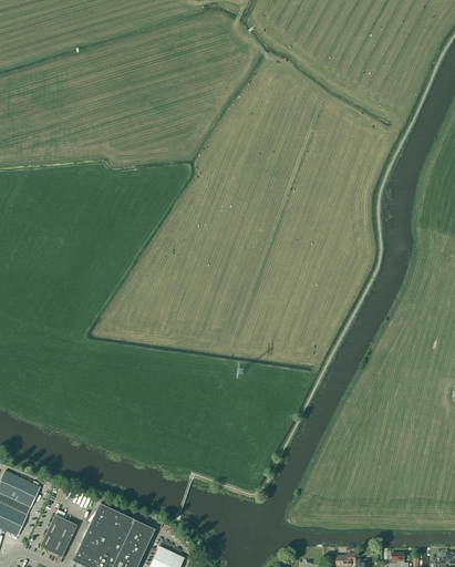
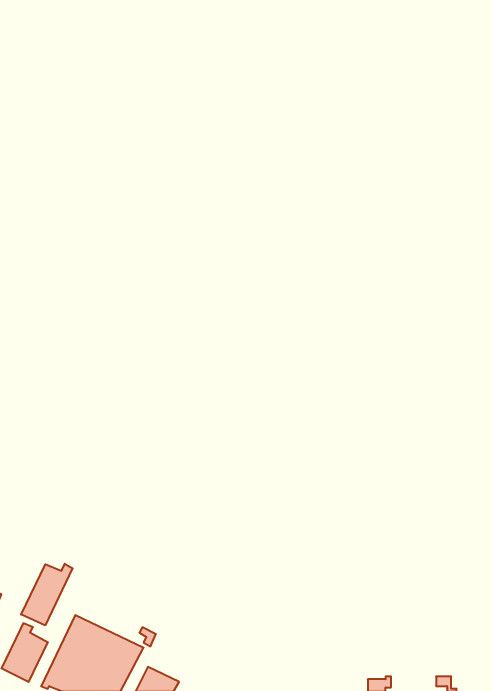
building: none -> [21,564,73,625]

